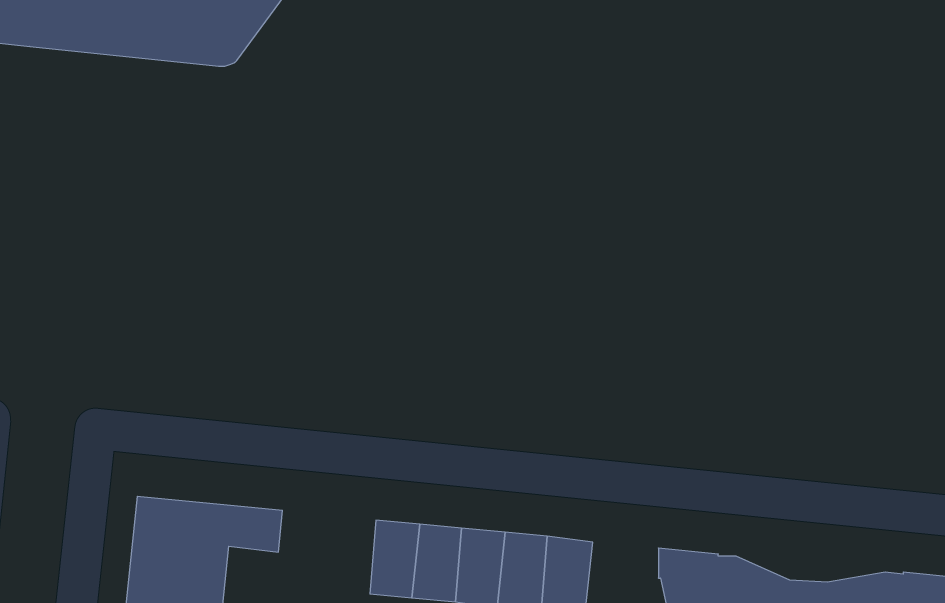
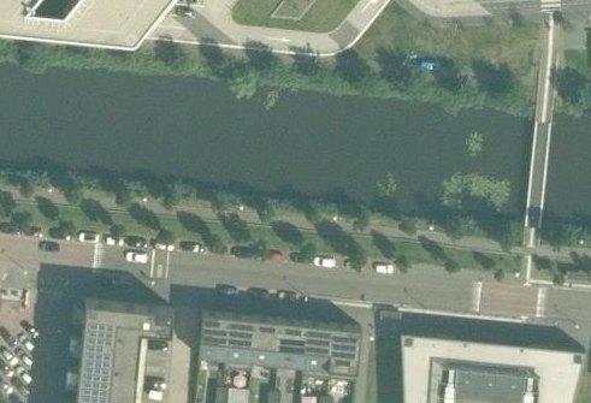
building: none -> [197,312,229,360]

